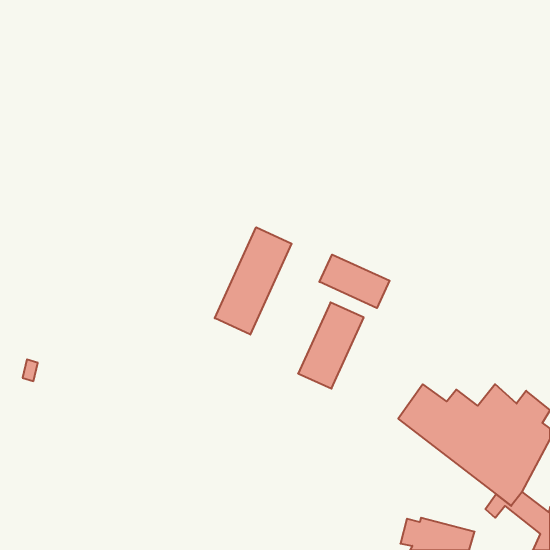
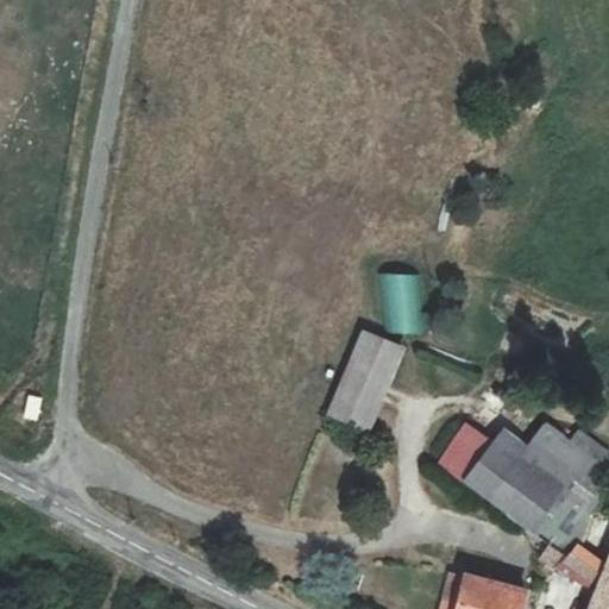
building: [215,227,292,335] -> none
building: [319,255,390,308] -> none

